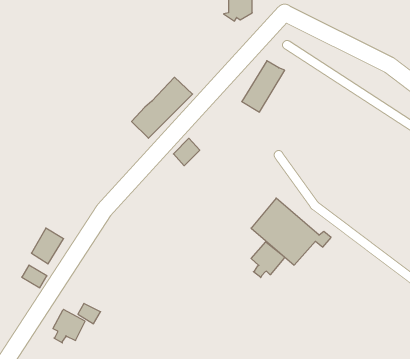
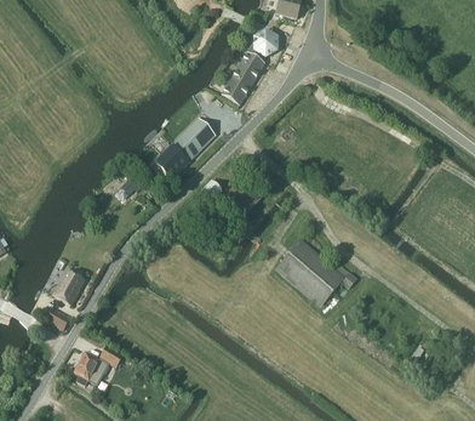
building: [242,61,285,112] -> [222,52,265,104]
building: [251,242,285,278] -> none

